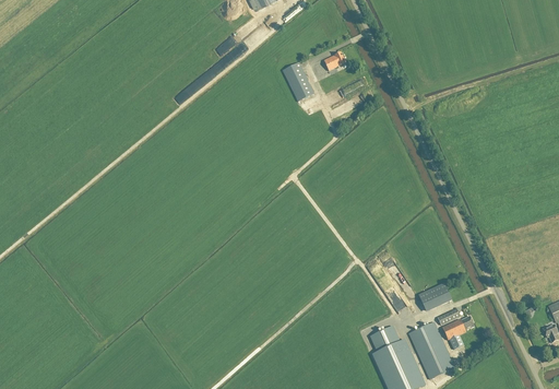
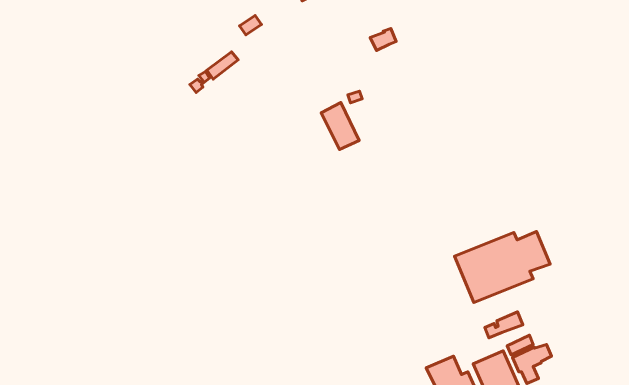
building: [282,62,313,102] -> [321,102,359,149]
building: none -> [455,232,550,302]

